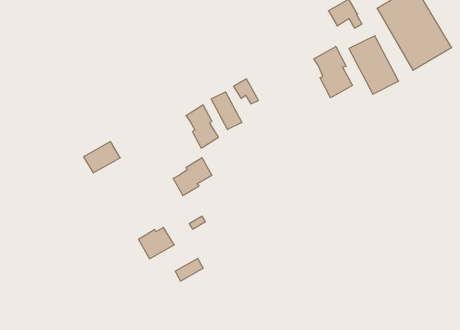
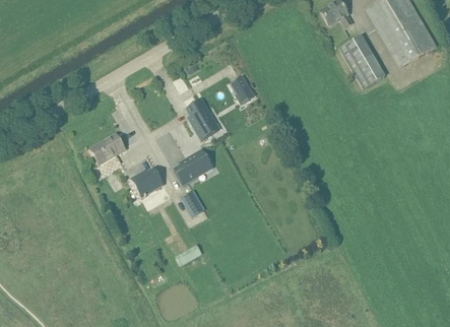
building: [314,46,352,98] -> none
building: [211,92,242,130] -> none
building: [139,227,174,259] -> [130,168,164,197]

